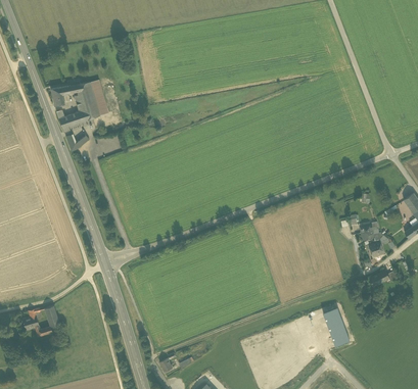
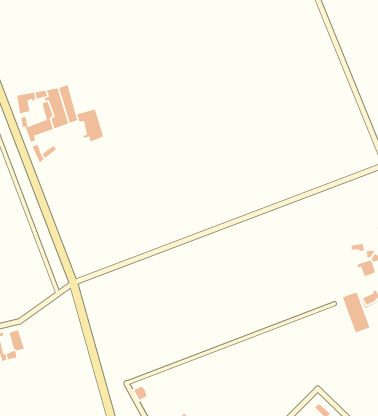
building: none -> [76,109,104,142]
building: [323,307,350,346] -> [342,291,371,333]

